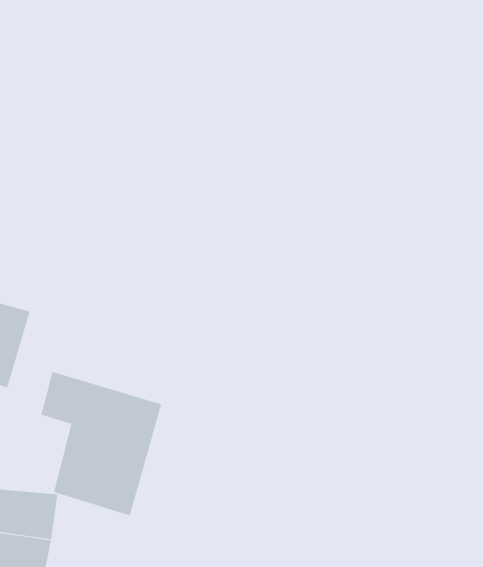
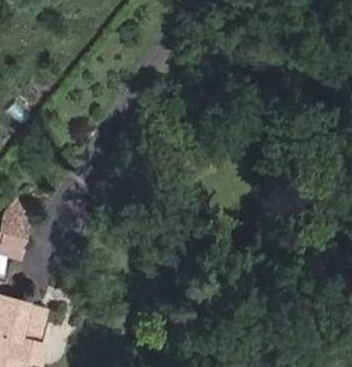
building: [41,371,162,516] -> none

